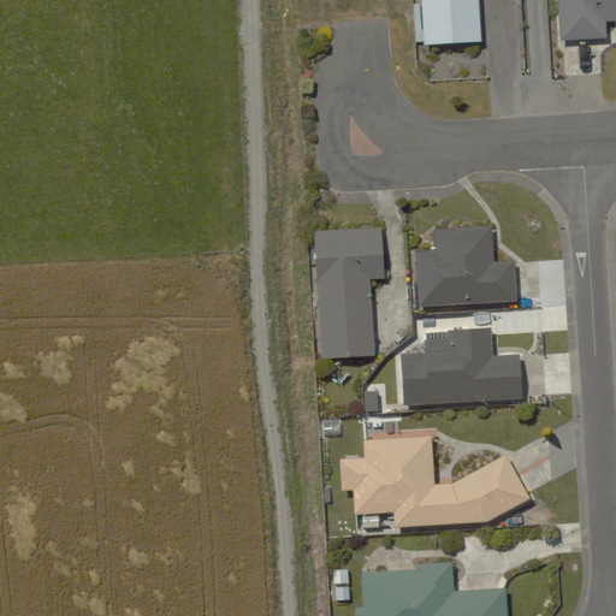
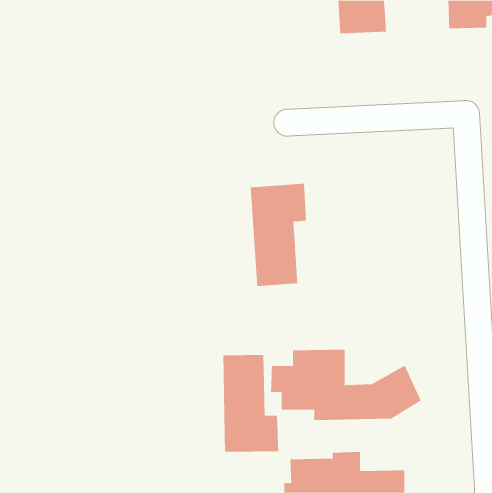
building: [414,223,514,307] -> none
building: [398,330,519,411] -> none
building: none -> [223,354,279,453]

